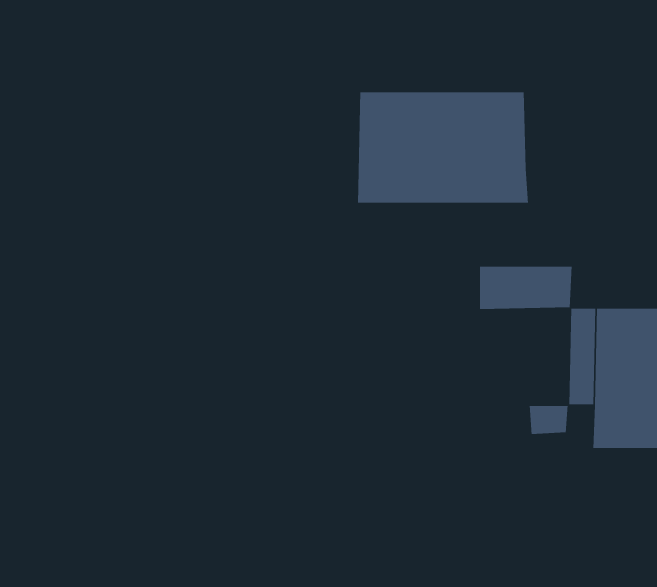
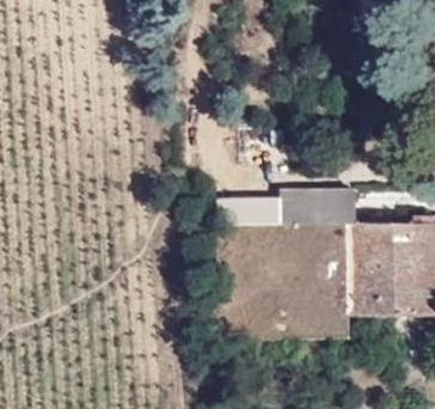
building: [357,91,529,204] -> none

